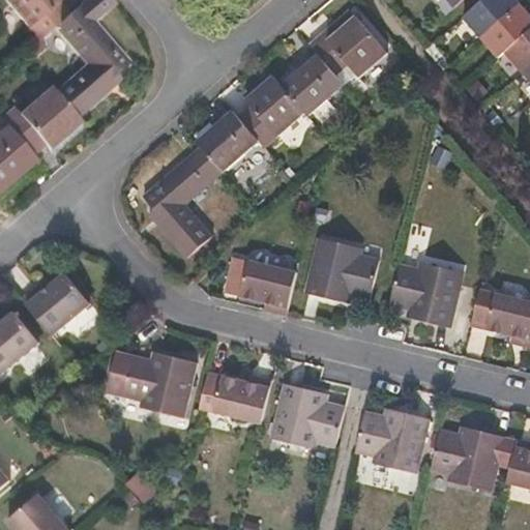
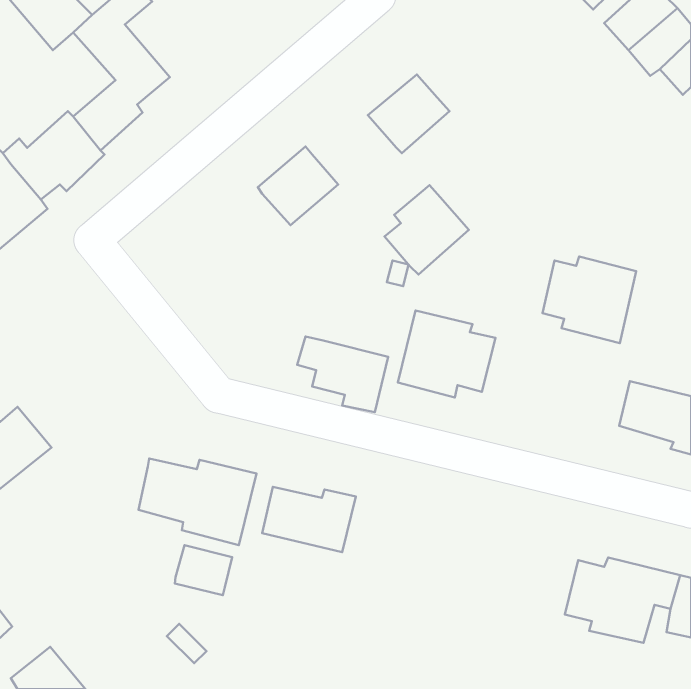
building: [308,20,384,77] -> none
building: [238,79,302,147] -> [385,185,469,275]
building: [144,148,222,257] -> none
building: [390,261,462,327] -> [542,256,636,343]
building: [23,267,90,334] -> none
building: [269,381,346,448] -> none
building: [356,407,429,472] -> none
building: none -> [175,545,232,595]

